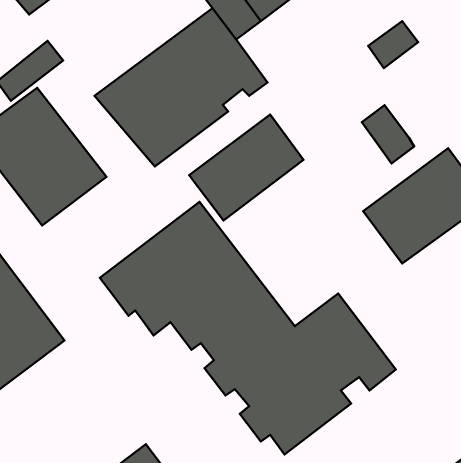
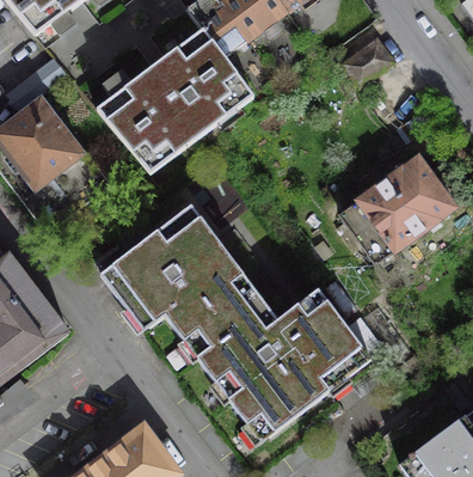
building: [362,105,414,164] -> none
building: [189,115,303,221] -> none

